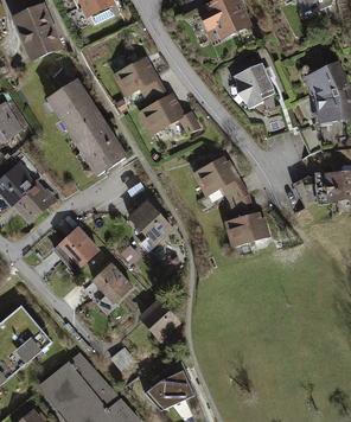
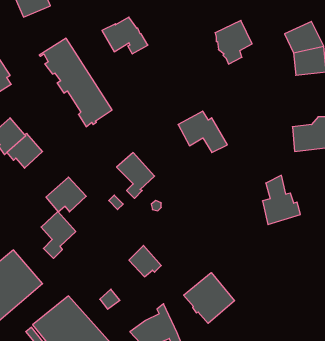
building: [140,88,199,133] -> none
building: [226,193,267,245] -> [262,175,300,225]
building: [94,263,130,313] -> [41,211,76,258]
building: none -> [184,273,235,323]

